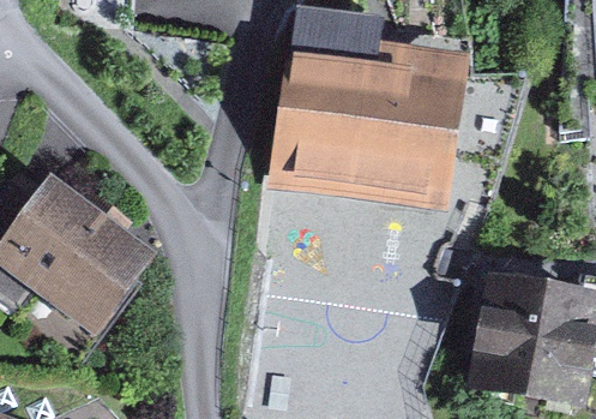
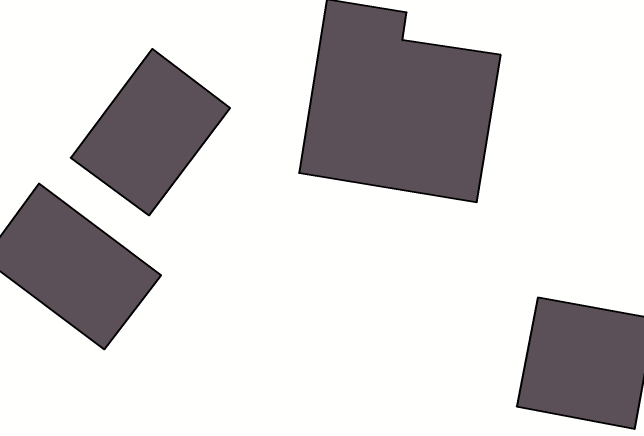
building: none -> [71,49,230,215]

